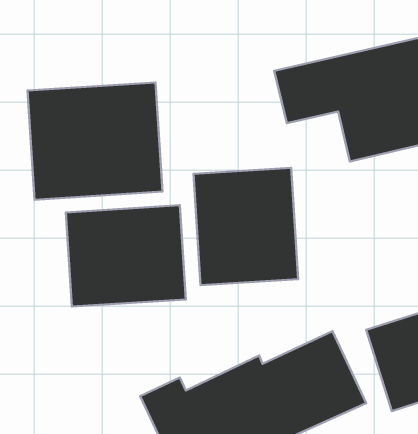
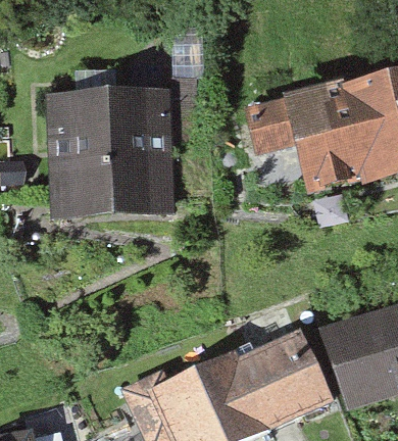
building: [193,168,298,285] -> none
building: [66,205,186,307] -> none

